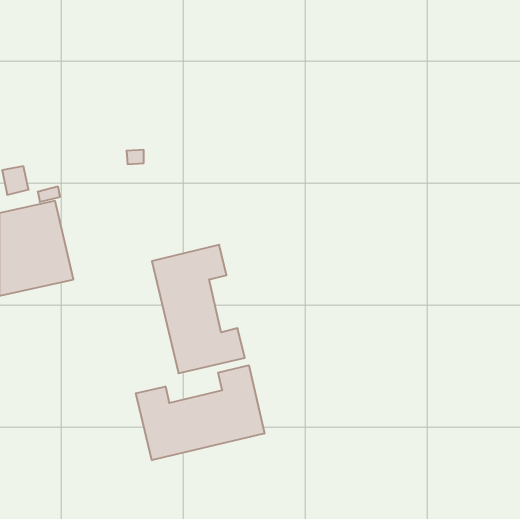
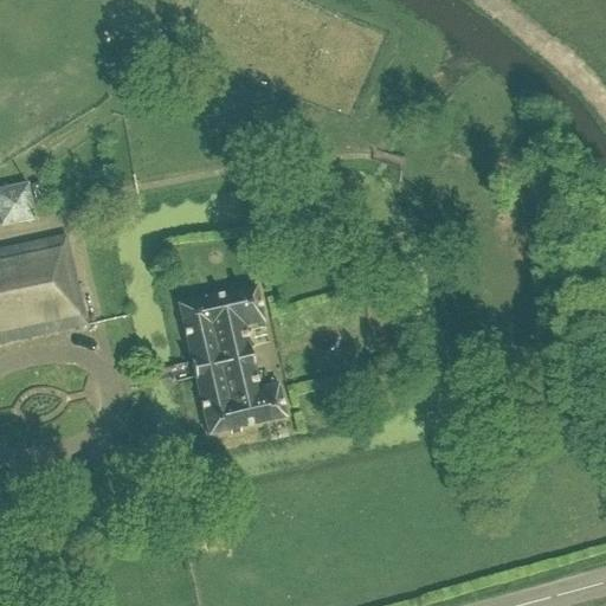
building: [136,365,264,460] -> none

